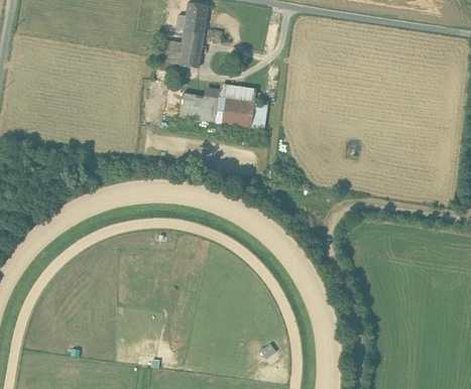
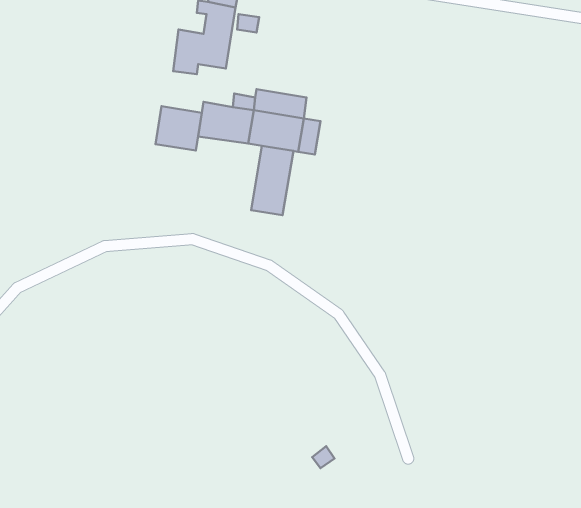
building: none -> [155,106,202,150]
building: none -> [251,146,293,215]

